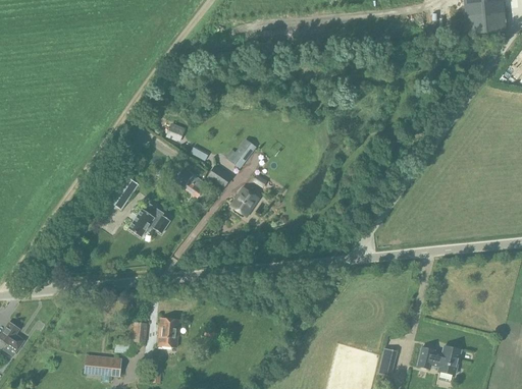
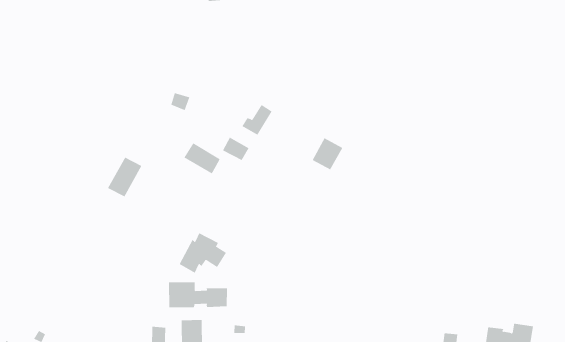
building: [229,186,257,215] -> [312,137,343,170]
building: [127,202,169,236] -> [179,233,227,273]
building: none -> [169,281,228,308]

